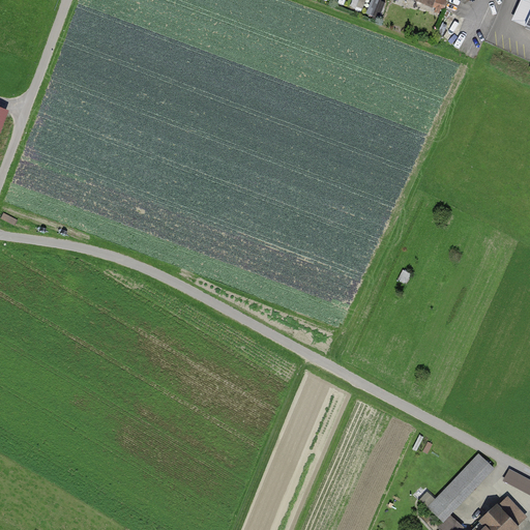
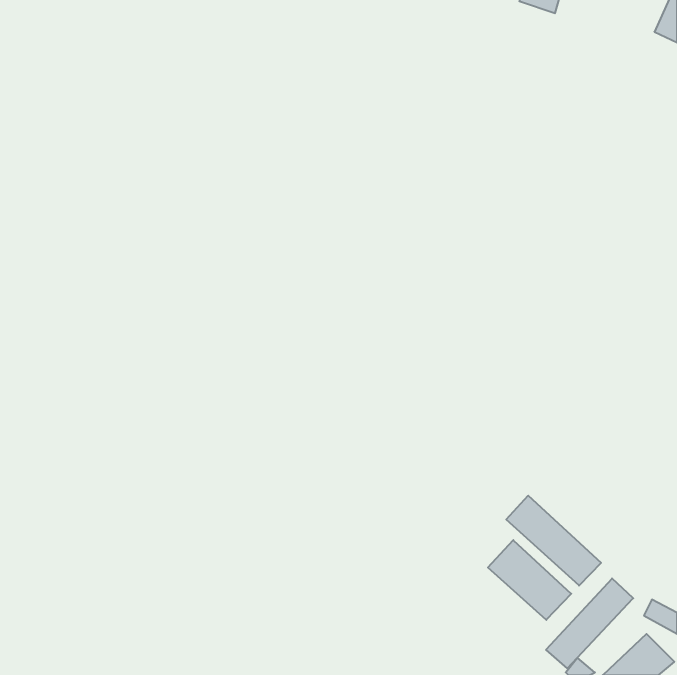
building: none -> [506,496,601,586]
building: none -> [488,540,571,620]

